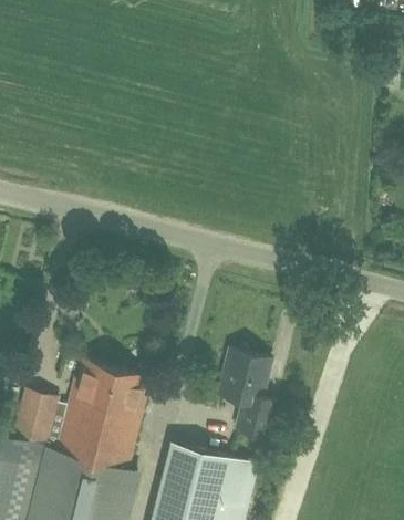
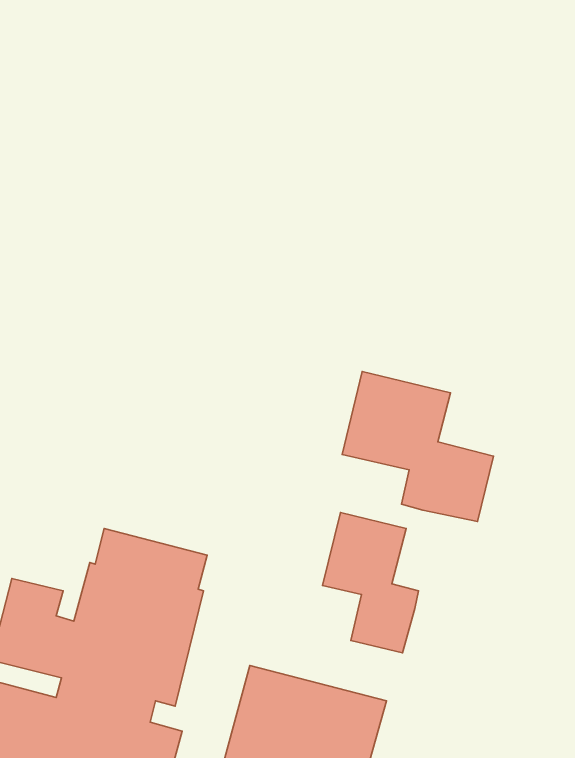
building: none -> [342,371,493,521]

